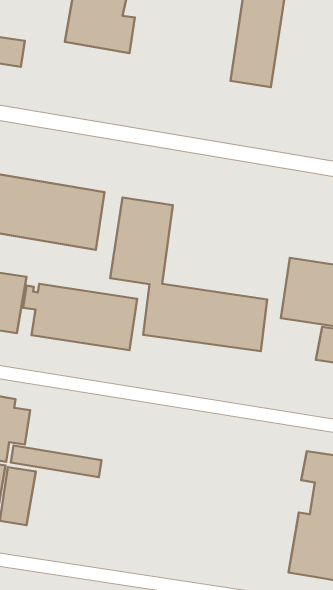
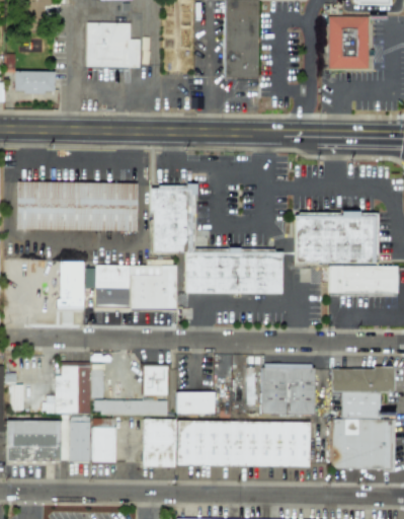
building: none -> [143,366,168,395]
building: none -> [260,363,315,415]
building: none -> [177,391,215,414]
building: none -> [143,420,310,466]

